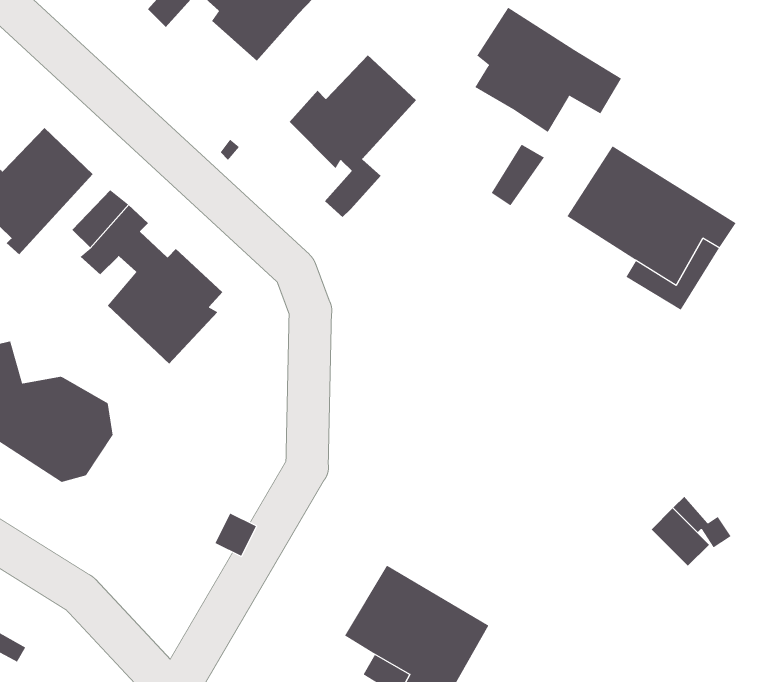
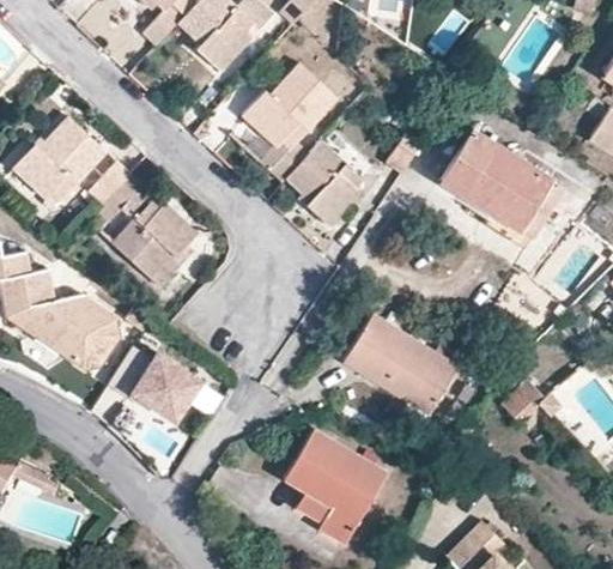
building: [474,7,622,133] -> none
building: none -> [289,141,364,225]
building: none -> [344,314,456,412]
building: none -> [107,349,198,424]

